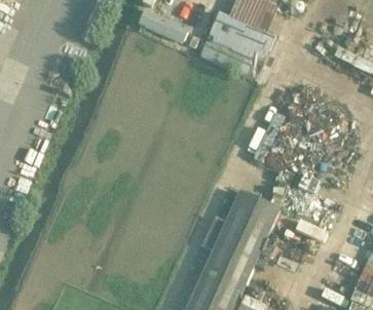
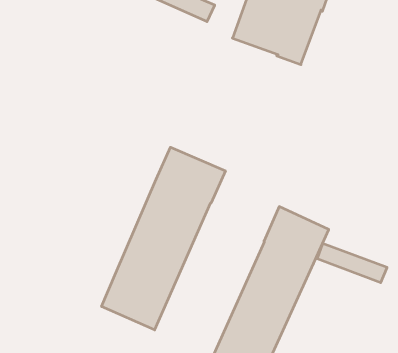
building: none -> [102,147,225,330]

